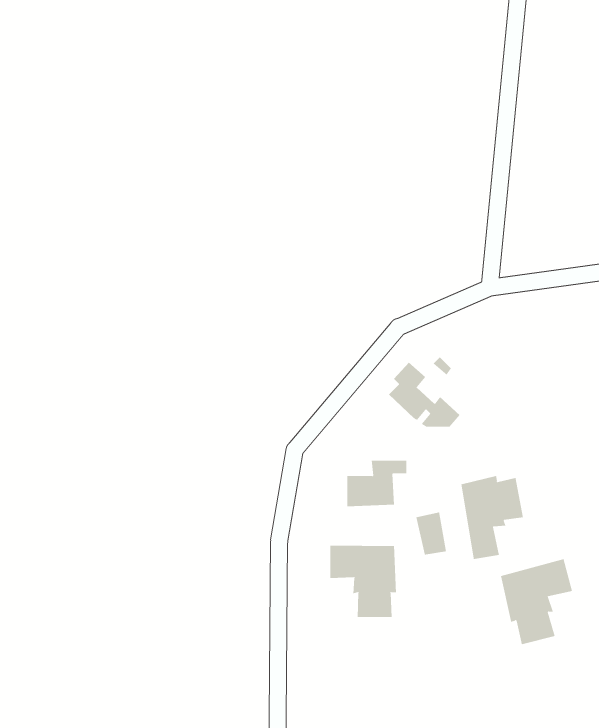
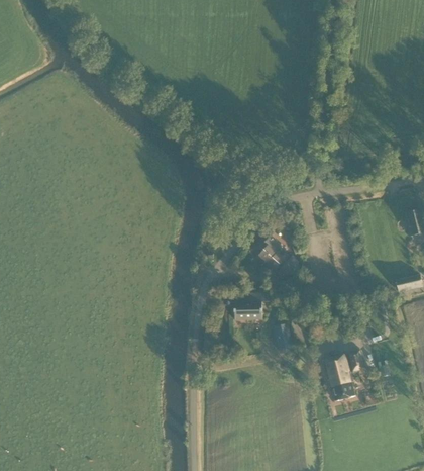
building: [461,475,523,560] -> none
building: [330,545,396,618] -> none

